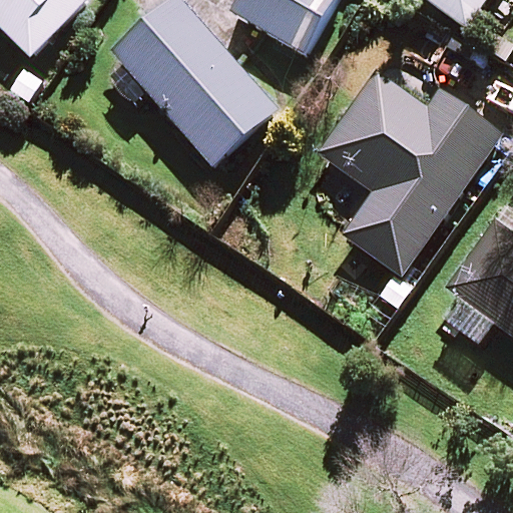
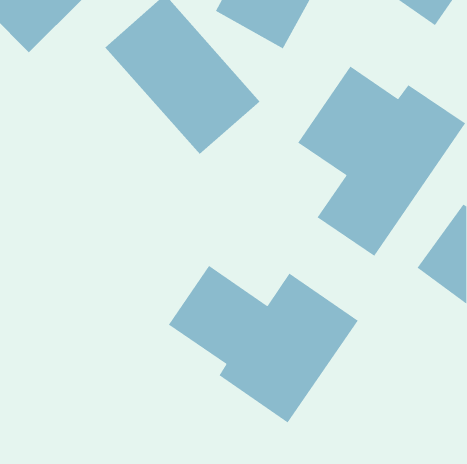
building: none -> [168,265,359,424]

